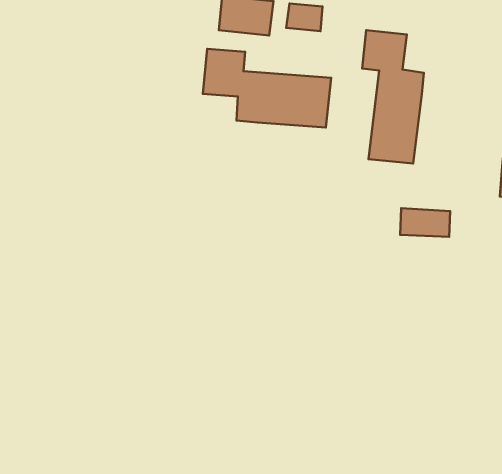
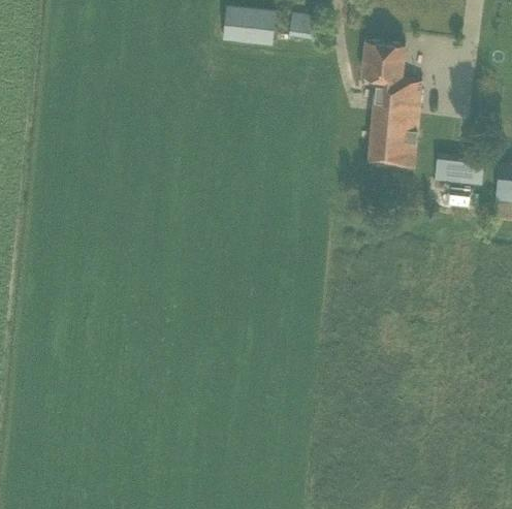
building: [203,49,331,128] -> none
building: [400,208,450,237] -> [435,155,483,183]

